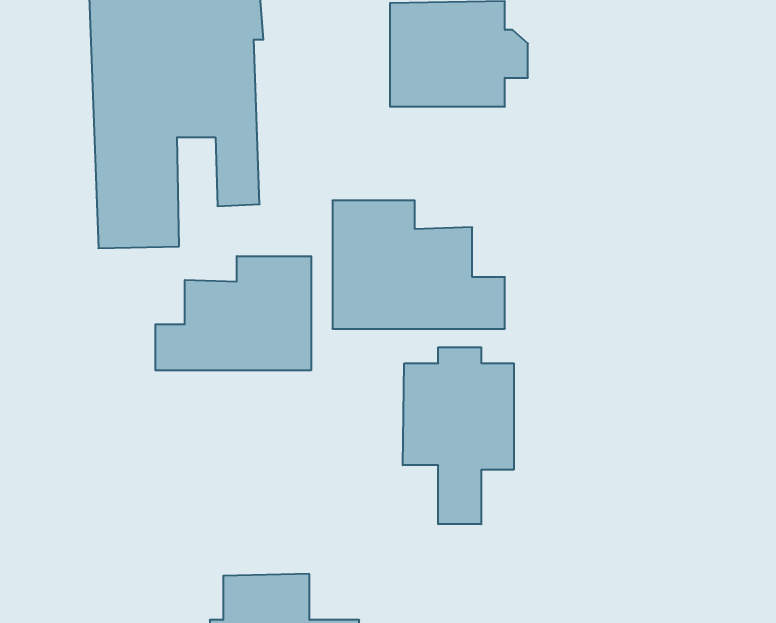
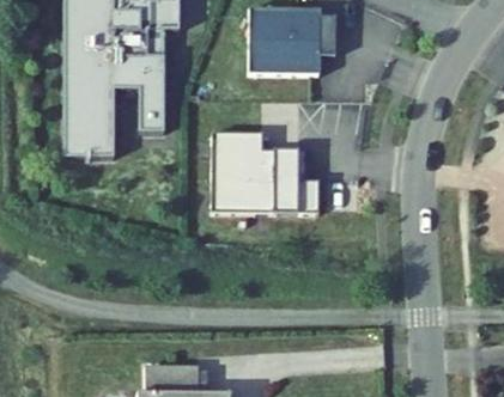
building: [155,256,311,370] -> none
building: [403,347,514,524] -> none

